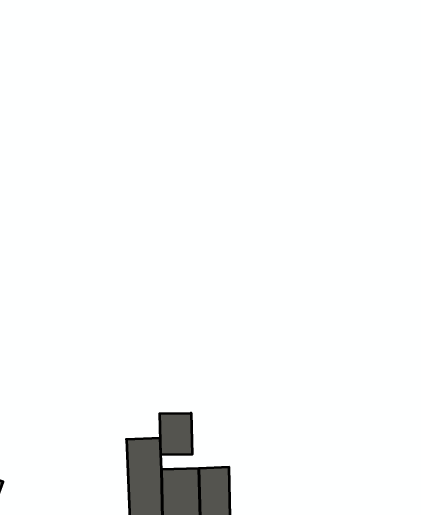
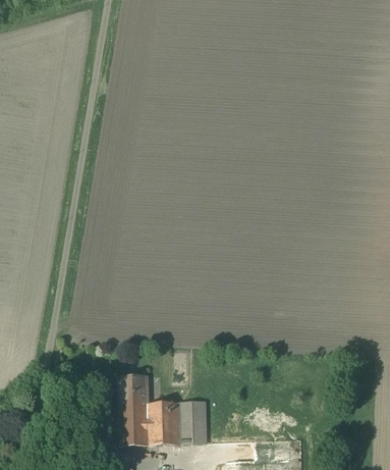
building: [160,413,192,455] -> none

